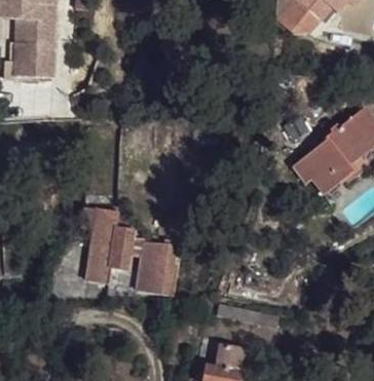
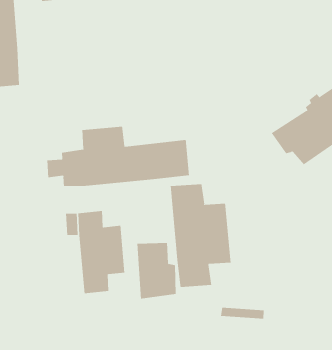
building: none -> [47,126,189,187]
building: none -> [170,183,231,288]

